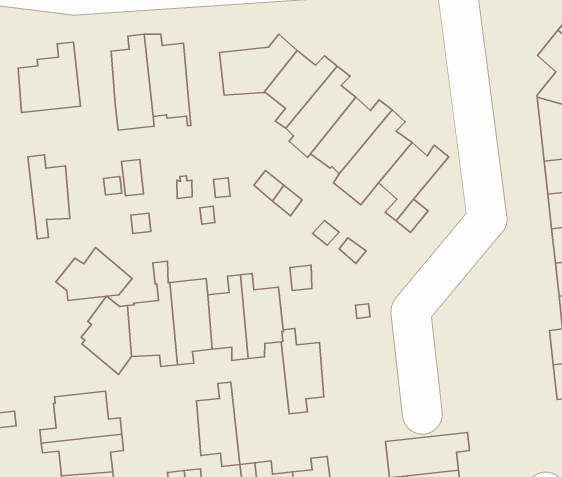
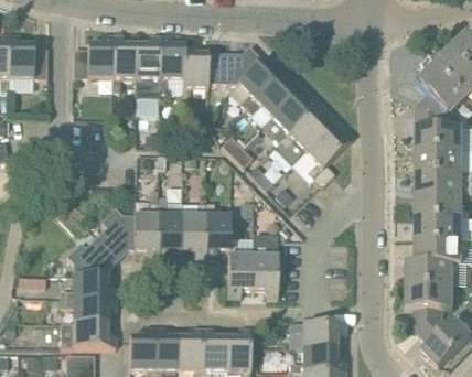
building: none -> [183,44,207,99]
building: [28,155,70,239] -> [111,35,136,90]
building: [56,248,132,300] -> [66,236,117,269]
building: [196,382,240,466] -> [251,243,277,298]

